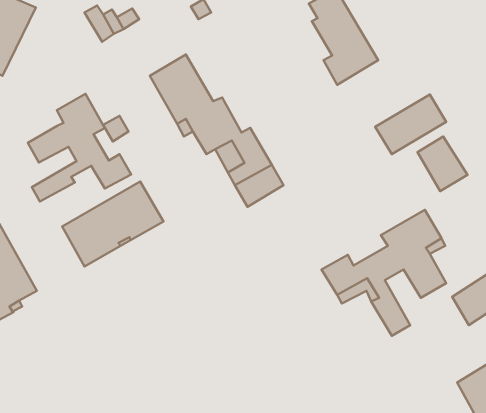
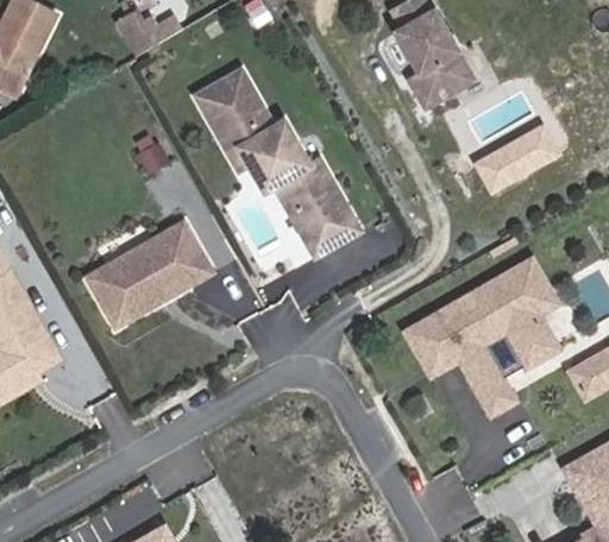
building: [28,94,131,202] -> none
building: [417,136,468,191] -> none

